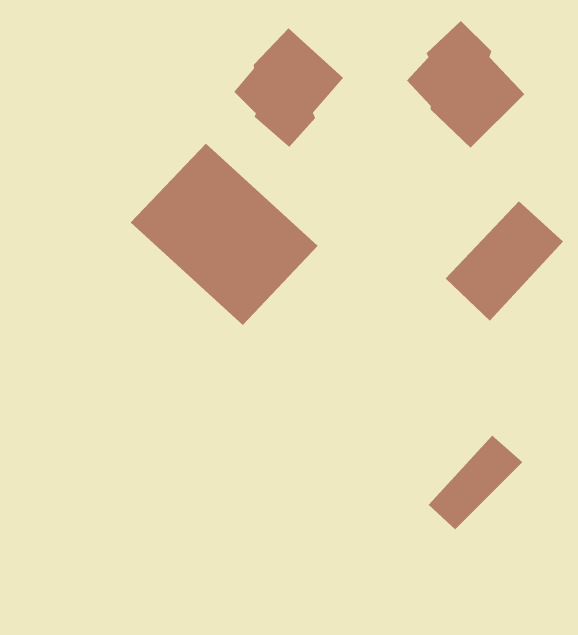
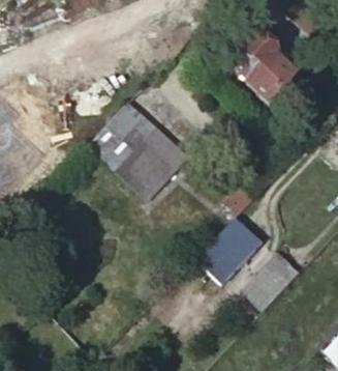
building: [233,28,344,148] -> none
building: [445,201,564,321] -> [199,220,263,284]

